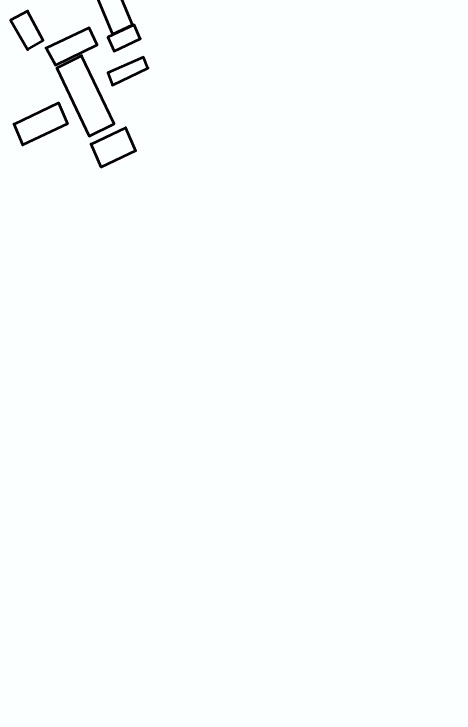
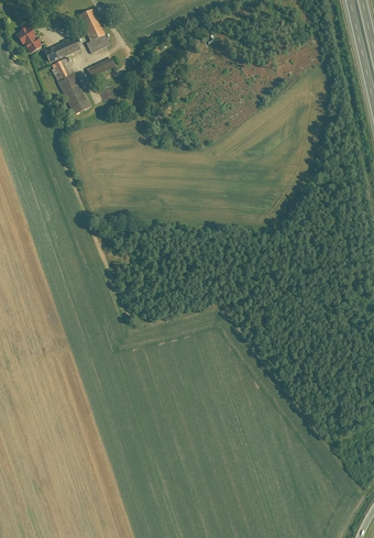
building: [14,103,67,145] -> none
building: [91,128,136,167] -> none

